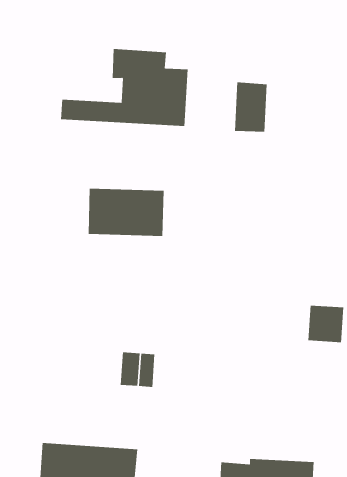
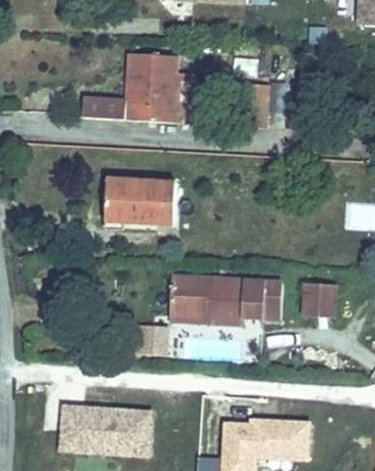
building: none -> [170,275,282,323]

